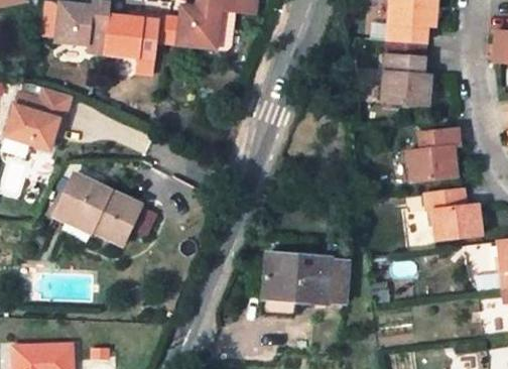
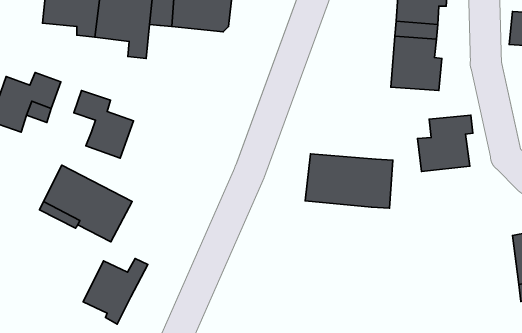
building: none -> [74,90,134,158]
building: [425,190,482,240] -> none
building: [262,251,345,302] -> [305,154,393,208]
building: none -> [83,258,148,324]

